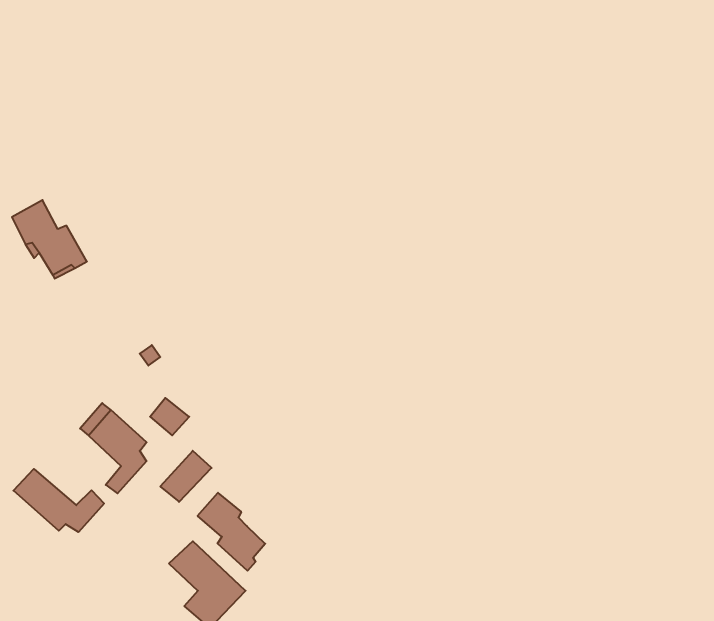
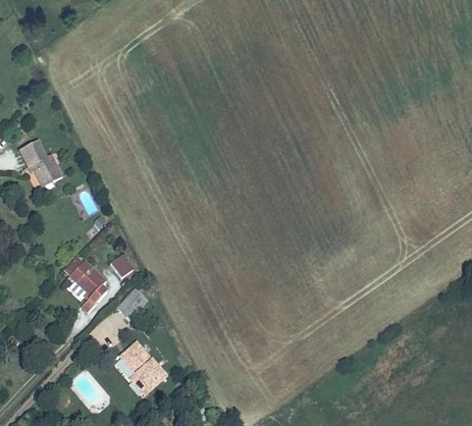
building: [13,469,104,532] -> none
building: [198,493,265,571] -> none

